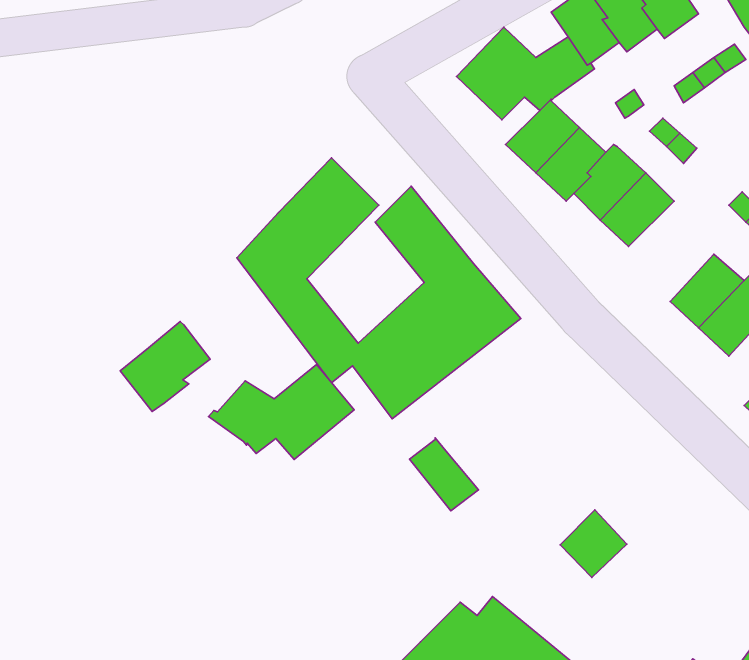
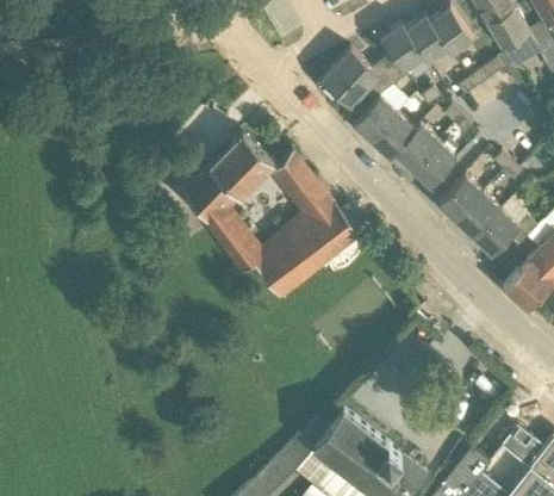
building: none -> [437,175,484,223]
building: [120,321,210,411] -> none
building: [208,364,354,459] -> none
building: [409,438,478,511] -> none
building: [560,510,627,577] -> none

